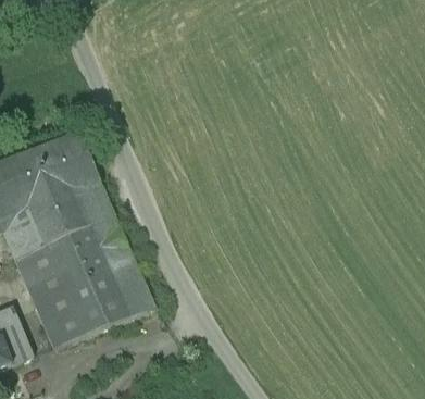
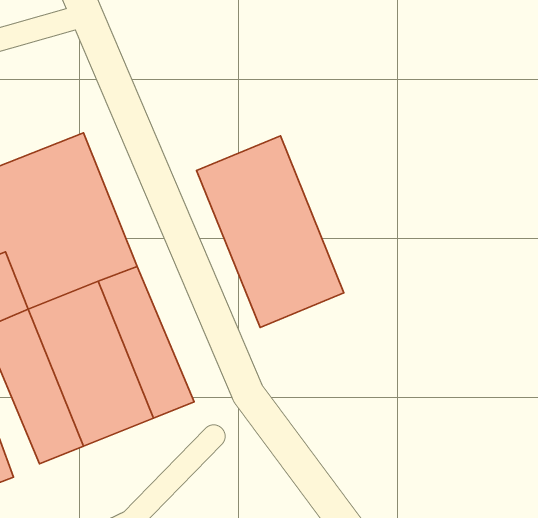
building: none -> [197,136,344,328]

